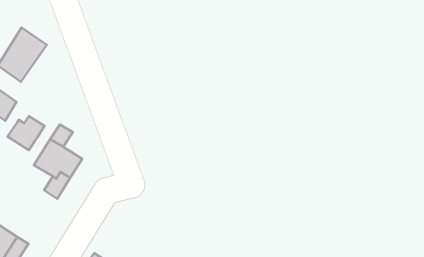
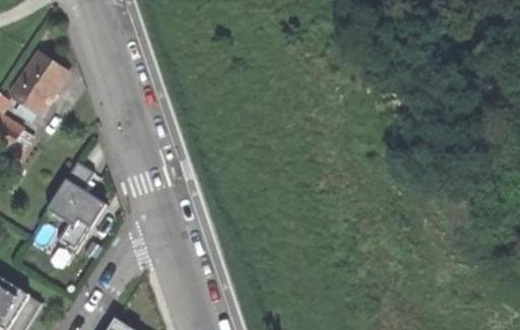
building: [8,116,45,150] -> none

